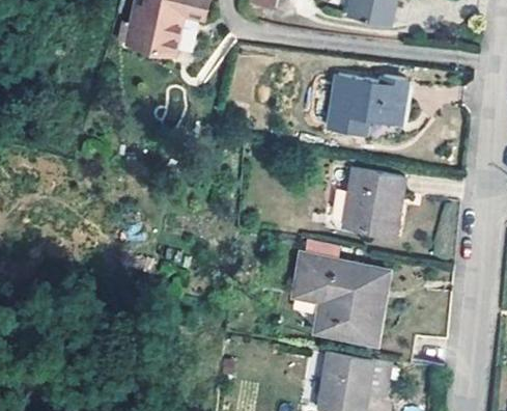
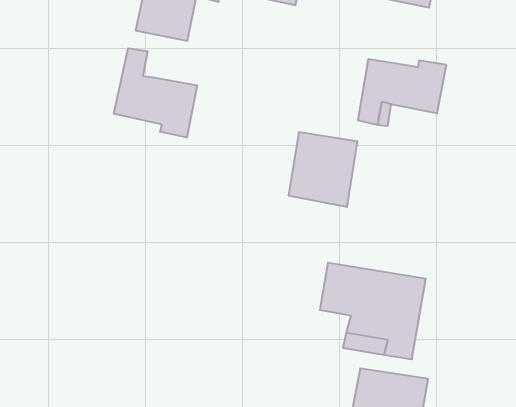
building: none -> [114,48,197,138]
building: [342,168,404,236] -> [288,132,358,207]

